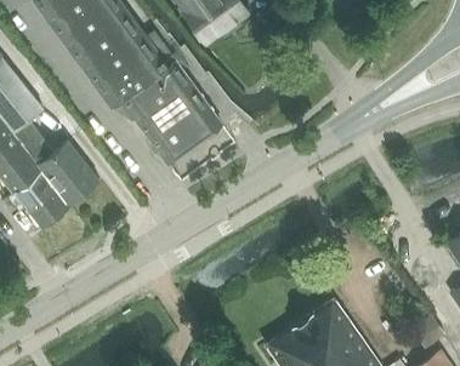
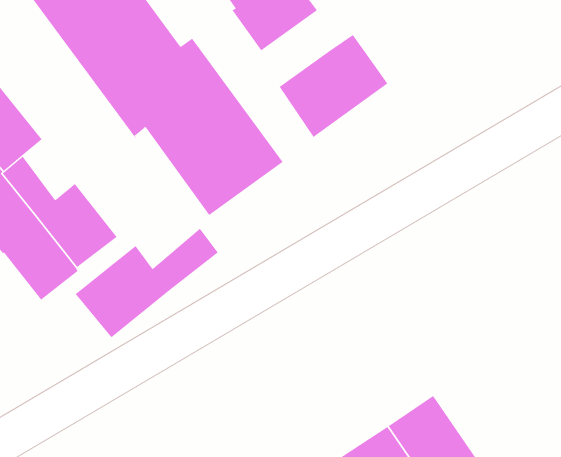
building: none -> [279,34,388,138]
building: none -> [75,228,219,338]

